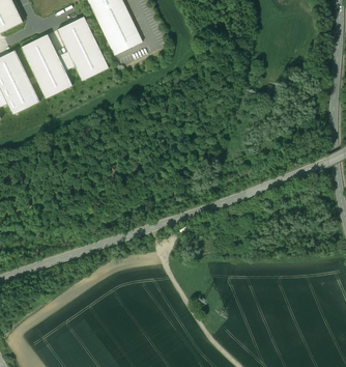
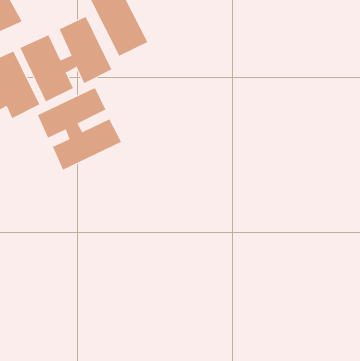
building: none -> [37,87,122,170]

